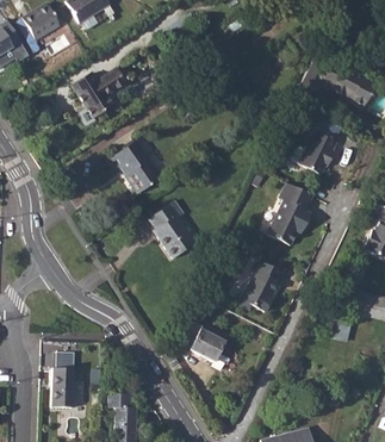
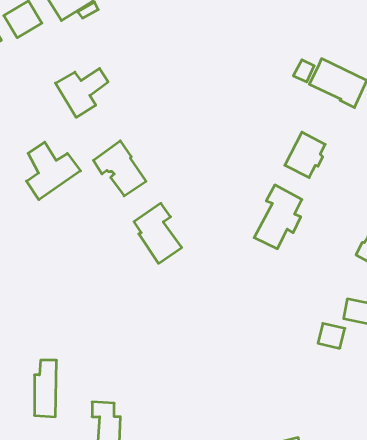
building: none -> [26,142,81,200]
building: [242,261,281,311] -> none
building: [180,322,225,361] -> none

